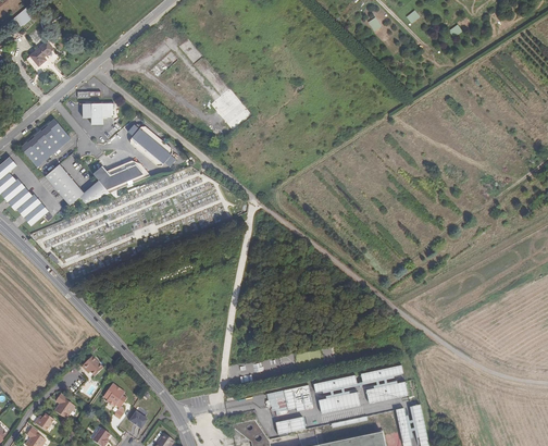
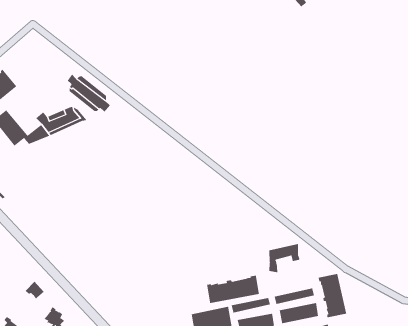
building: [83,102,110,124] -> none
building: none -> [269,243,300,273]
building: none -> [318,273,347,318]
building: none -> [206,275,259,304]

